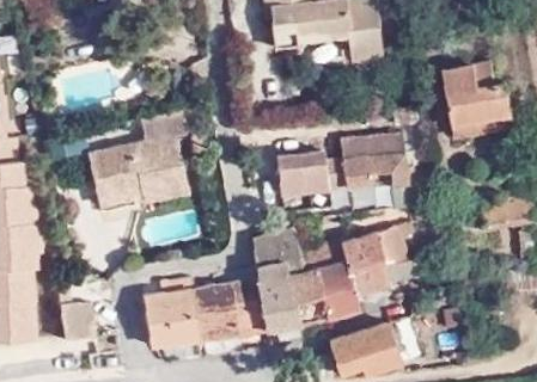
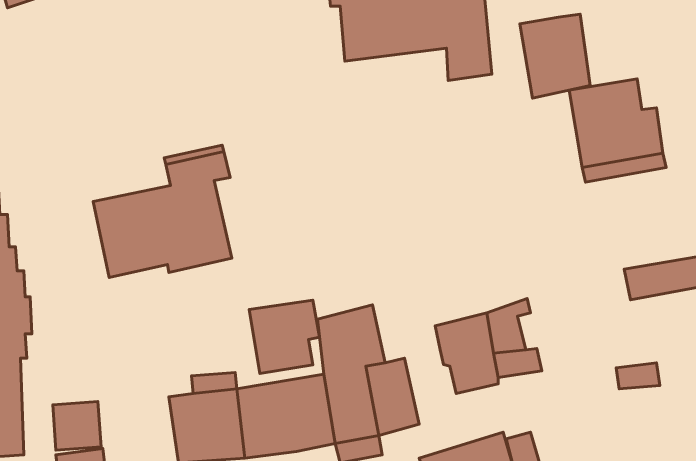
building: none -> [520,14,590,98]
building: [275,134,415,199] -> none
building: none -> [249,300,320,374]
building: [318,261,361,316] -> none

